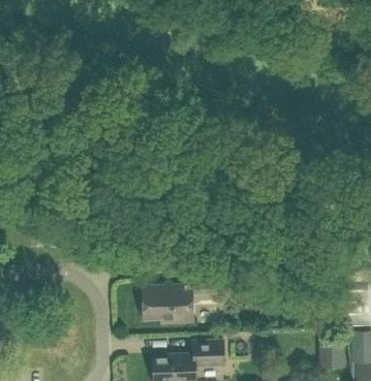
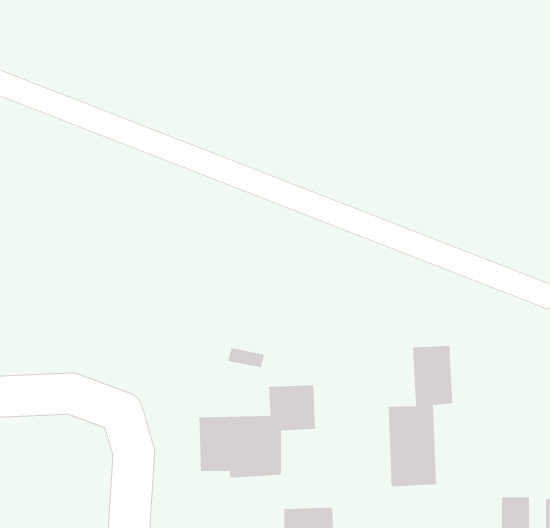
building: none -> [388,345,453,487]

